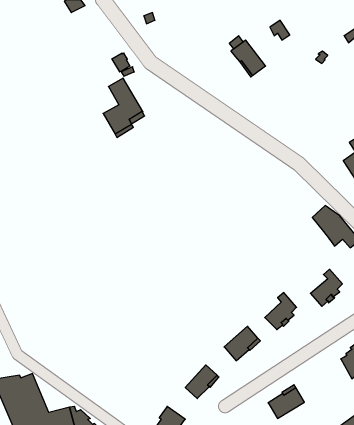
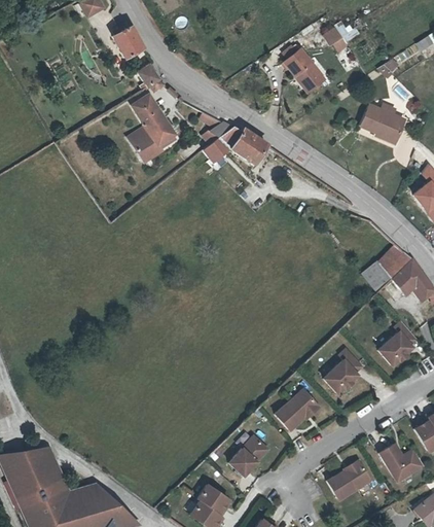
building: none -> [116,23,146,59]
building: none -> [362,105,407,143]
building: none -> [206,115,270,164]
building: none -> [363,260,392,289]
building: none -> [377,445,422,482]

